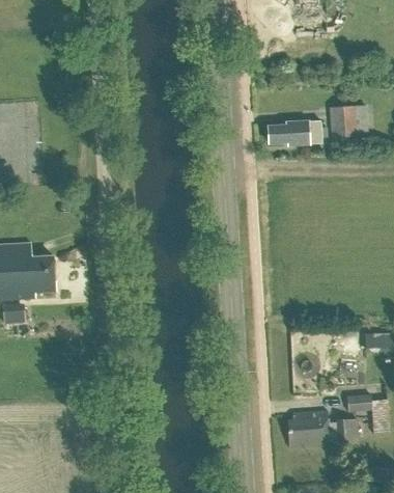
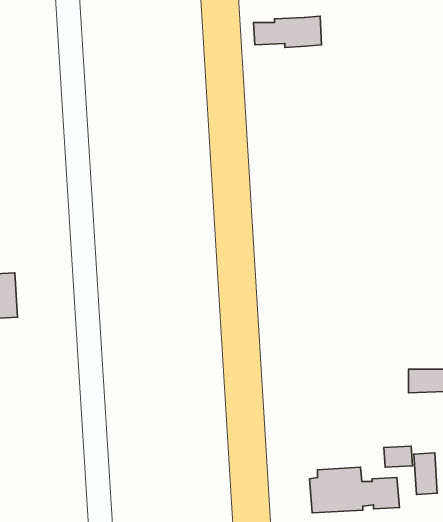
building: [330,105,369,137] -> none
building: [268,119,321,144] -> [254,16,321,47]

